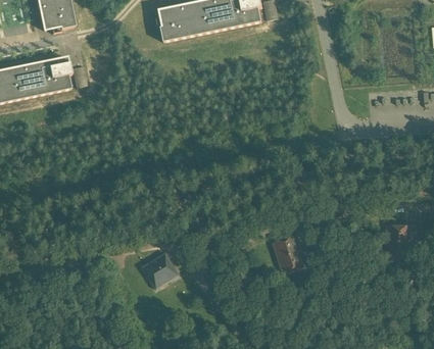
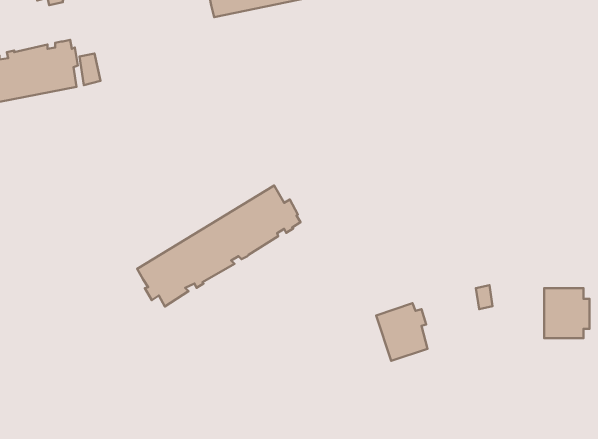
building: none -> [137,186,301,306]
building: [142,252,179,288] -> none

